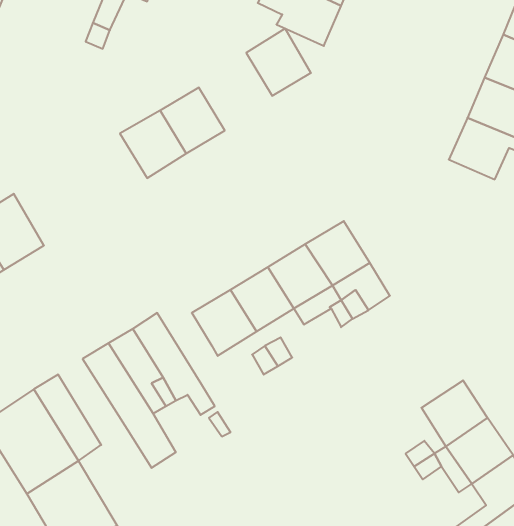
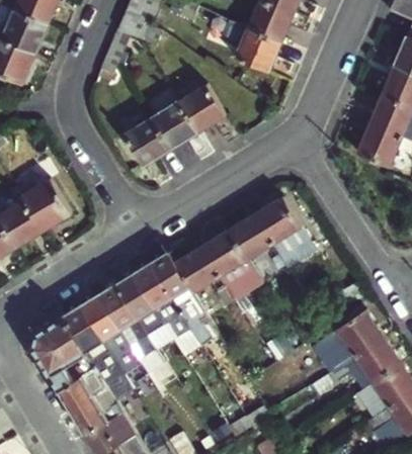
building: [246,28,311,96] -> [179,85,225,132]
building: none -> [150,251,191,311]
building: none -> [80,293,129,354]

